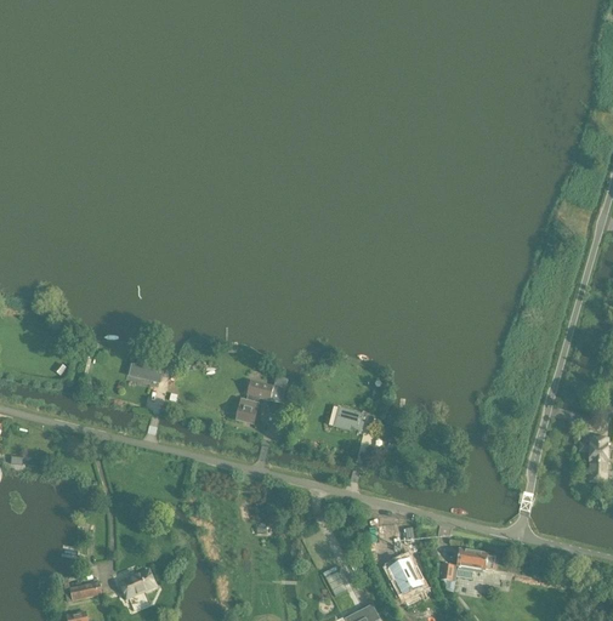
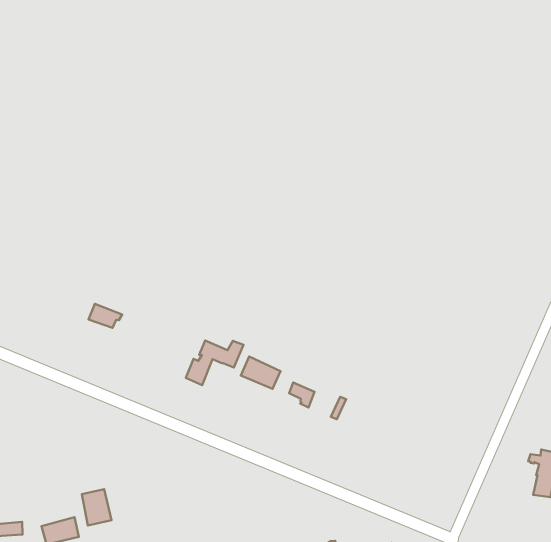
building: none -> [241,356,281,389]
building: none -> [82,489,111,526]

